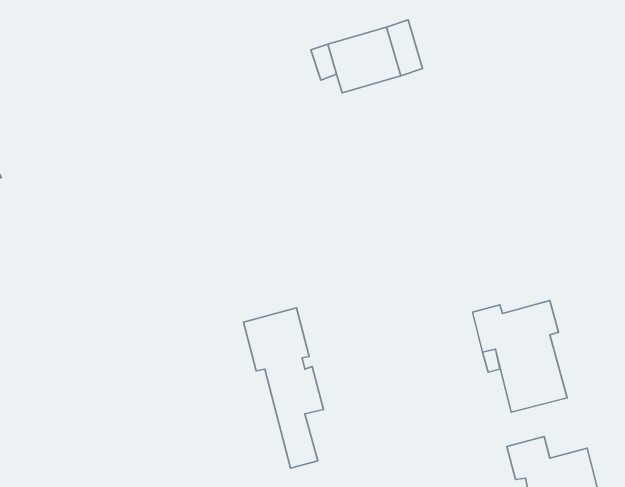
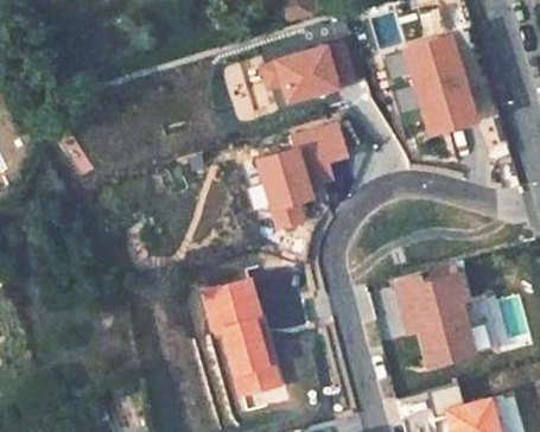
building: none -> [405,34,476,133]
building: none -> [259,123,348,228]

